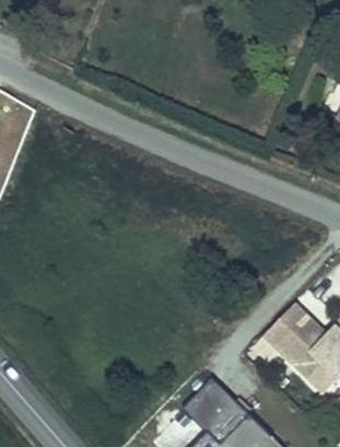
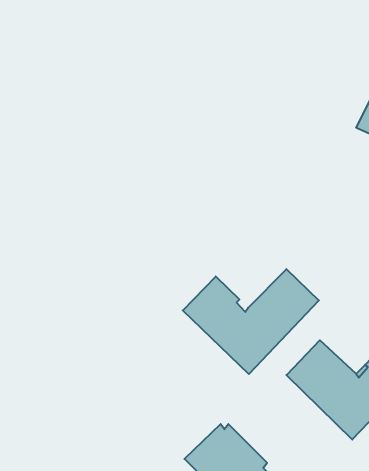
building: none -> [183,269,319,374]

